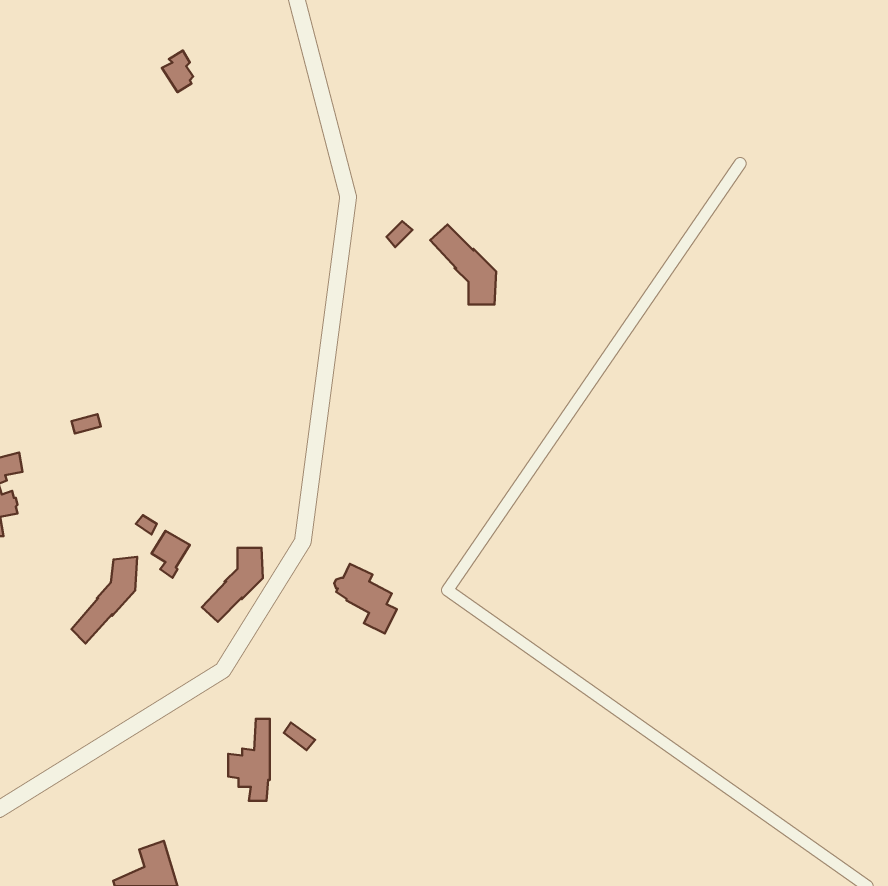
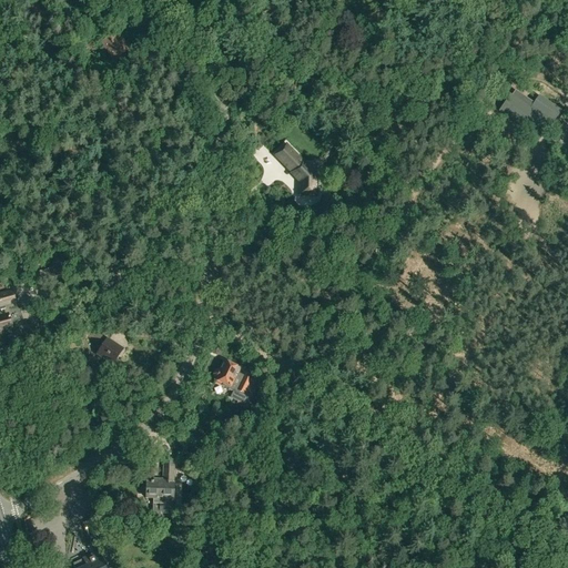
building: none -> [498,88,559,136]
building: [202,548,263,622] -> none
building: [71,557,137,643] -> none

